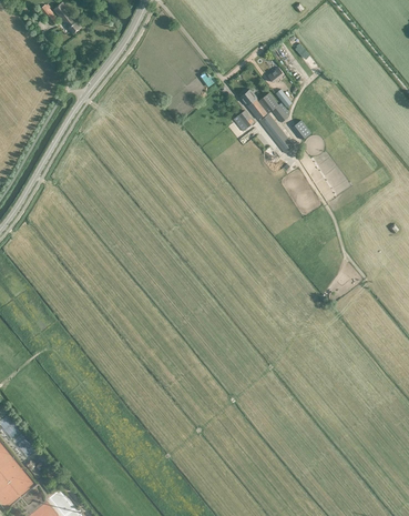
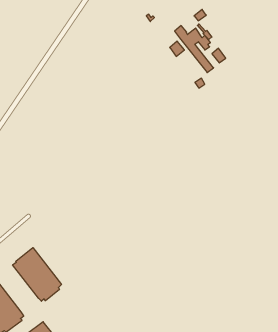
building: none -> [13,248,61,301]

